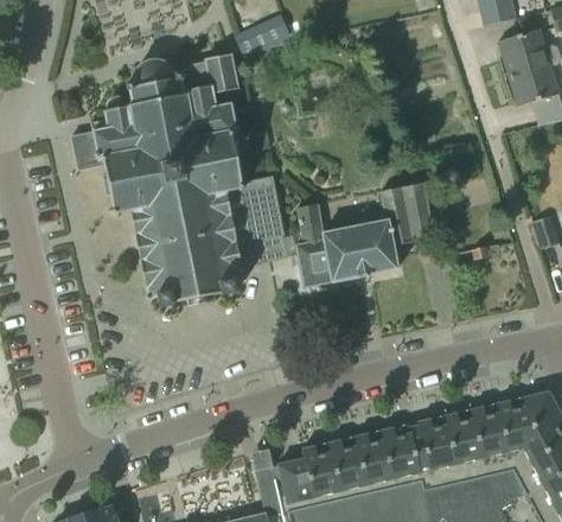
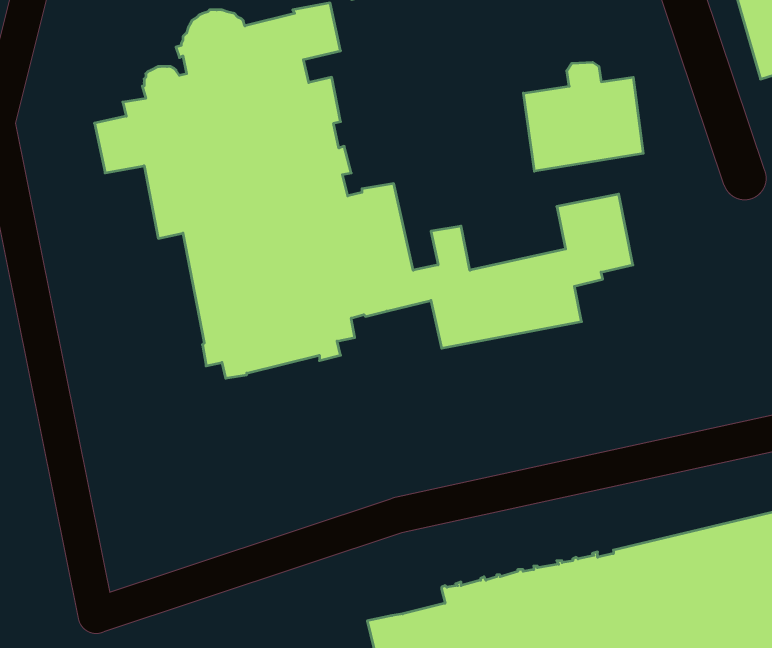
building: none -> [523,62,643,171]

